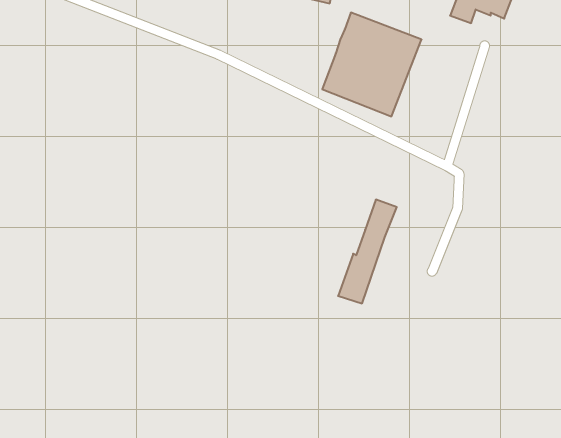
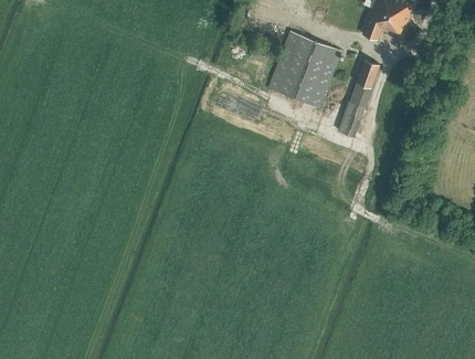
building: [338,200,397,303] -> [338,61,381,137]

